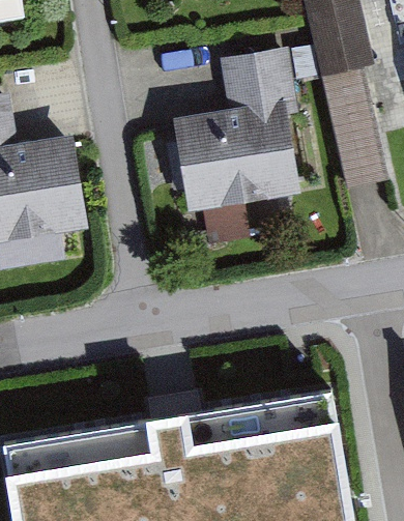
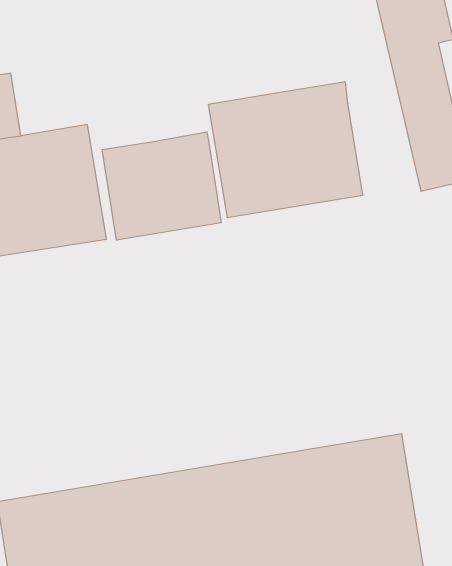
building: [222,50,301,119] -> none
building: none -> [102,132,221,240]

